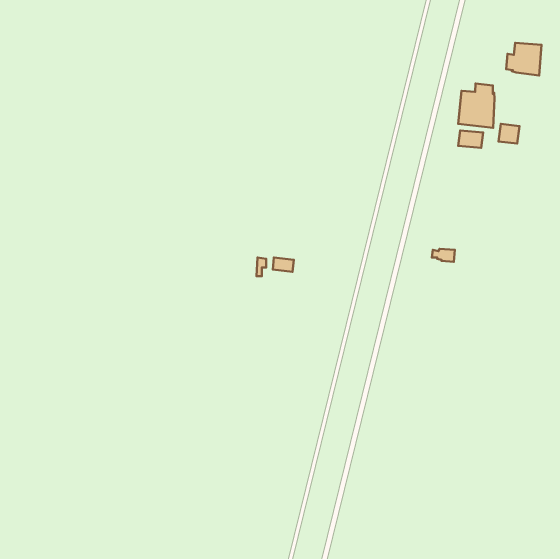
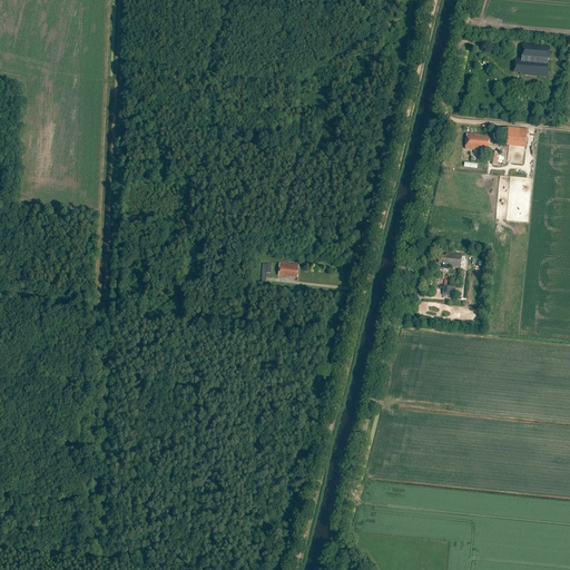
building: [458,84,494,128] -> none

